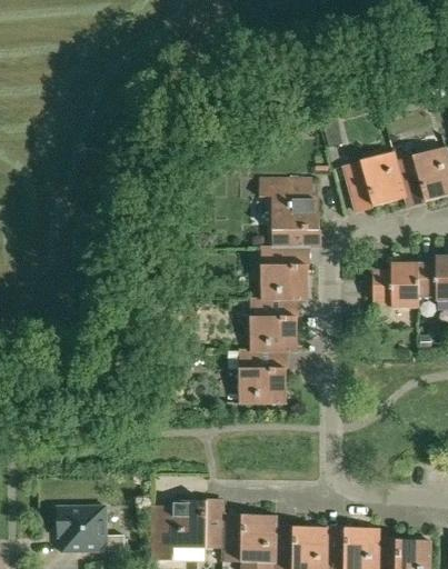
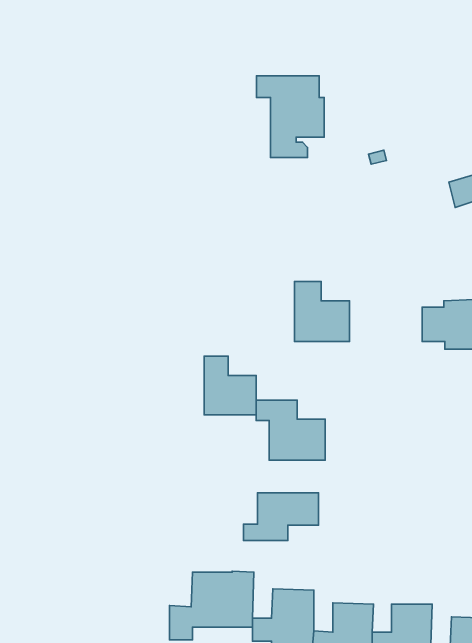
building: [342,151,405,206] -> none
building: [259,177,318,248] -> [257,76,324,158]
building: [251,300,297,351] -> [204,356,256,415]
building: none -> [243,493,318,541]
building: [57,506,125,552] -> none

